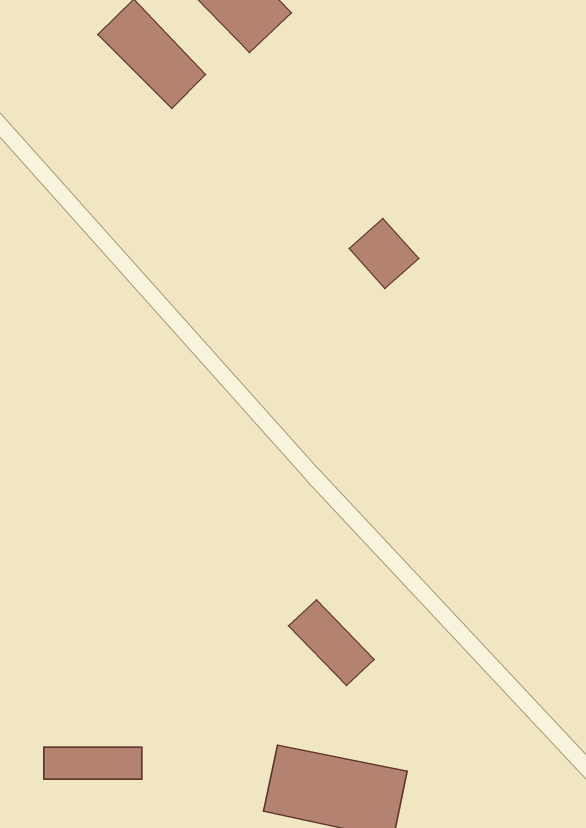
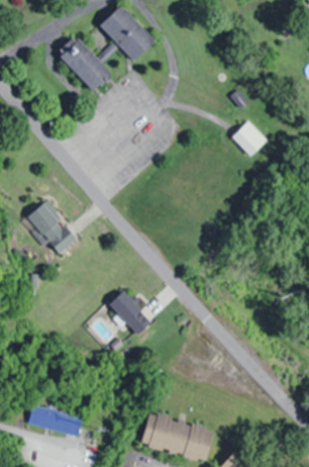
building: [349,219,419,288] -> [231,120,267,156]
building: none -> [28,200,77,253]
building: [288,600,374,686] -> [109,291,152,335]

